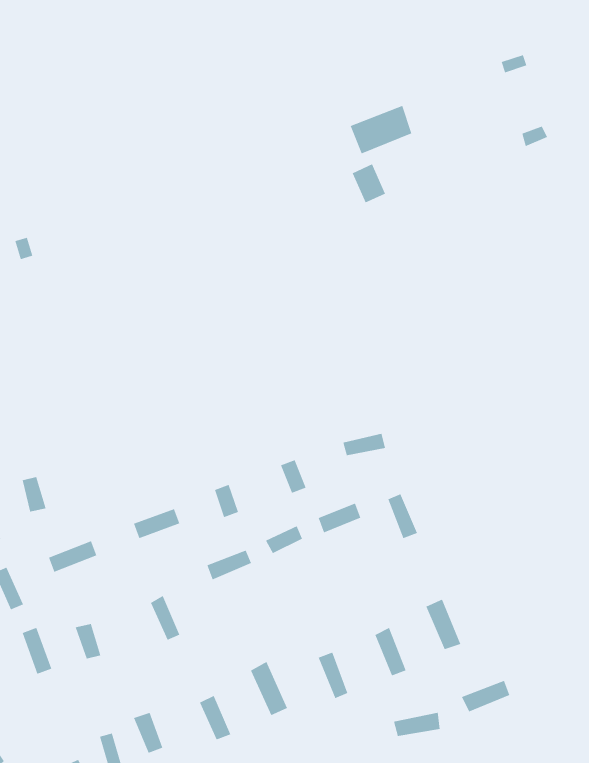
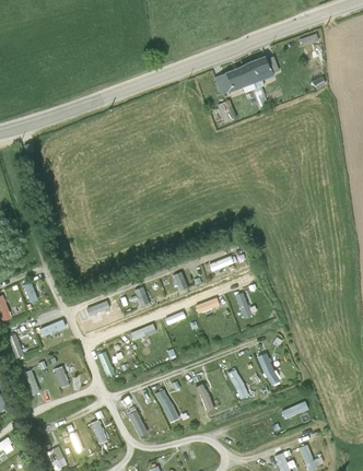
building: none -> [245,58,276,83]

